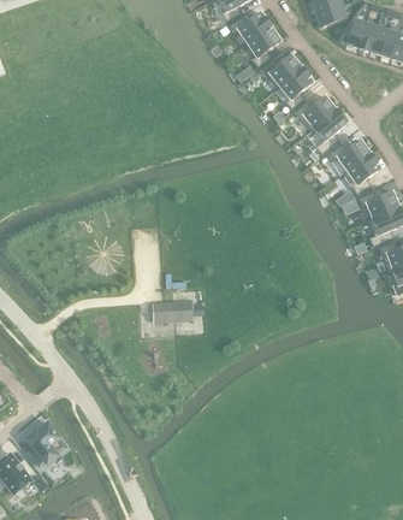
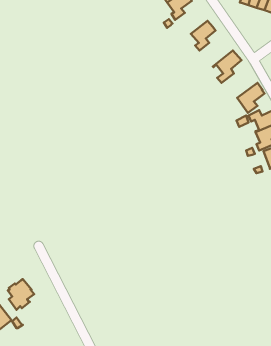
building: [259,53,301,84] -> none
building: [292,94,336,129] -> none
building: [327,138,369,172] -> none
building: [152,299,191,320] -> none

